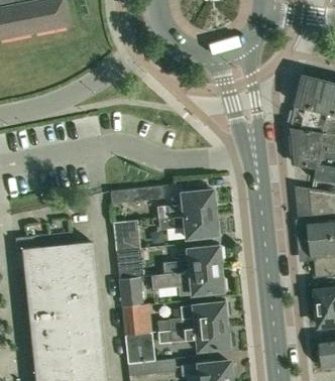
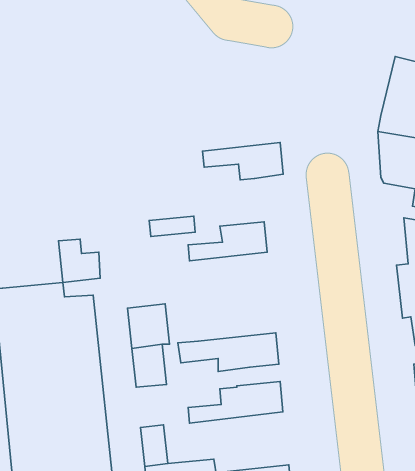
building: [158,212,215,238] -> [203,143,283,180]
building: [112,221,141,251] -> [59,239,100,282]
building: [162,246,219,274] -> none
building: [121,303,148,335] -> none
building: [158,324,227,350] -> none

